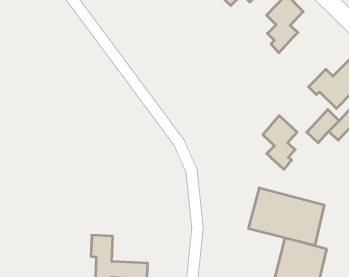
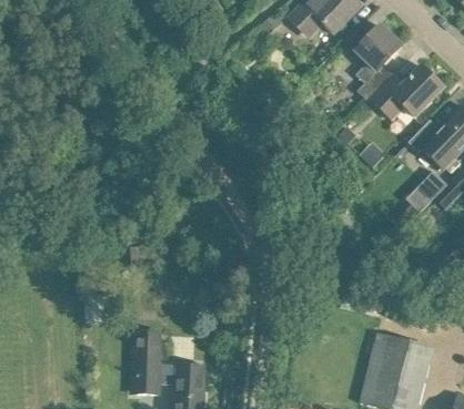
building: none -> [371,64,444,119]
building: [263,116,297,169] -> none
building: [249,188,324,246] -> none

